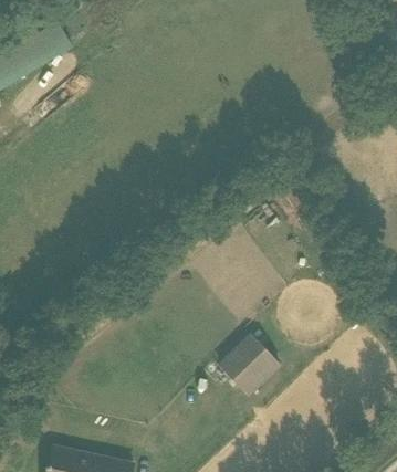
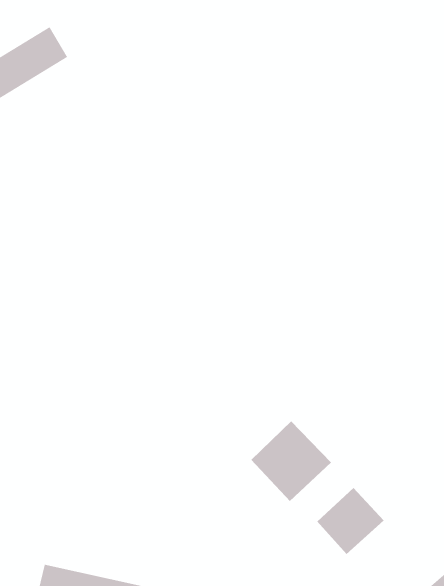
building: none -> [317,487,385,555]

